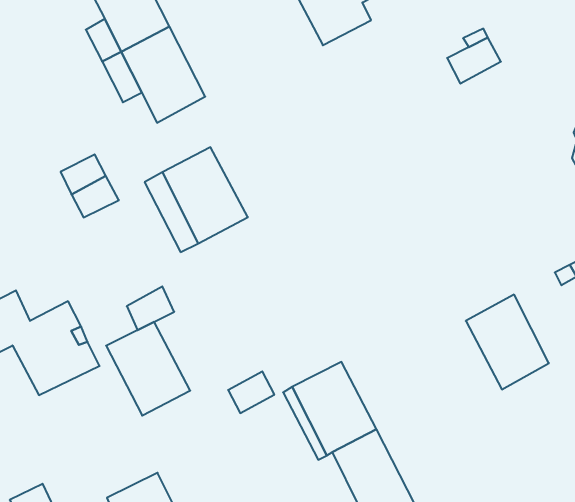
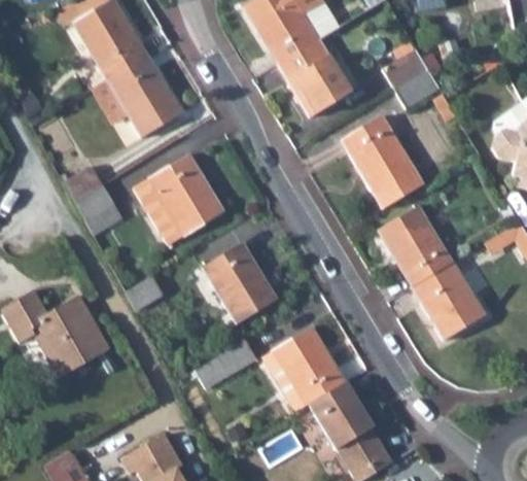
building: none -> [279,40,350,117]
building: none -> [396,68,441,107]
building: none -> [333,103,421,208]
building: none -> [378,206,453,287]
building: [106,322,190,416] -> [205,244,278,323]

